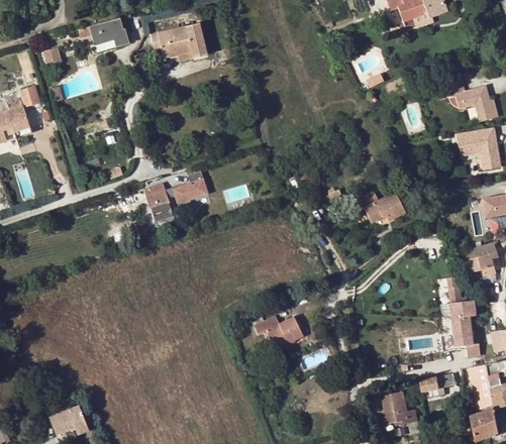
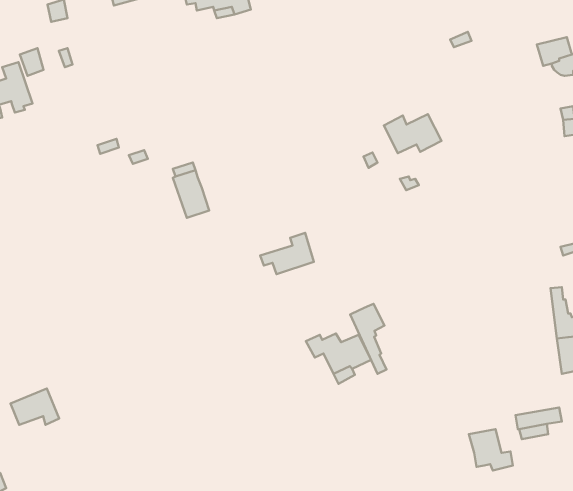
building: [164,172,207,205] -> [260,233,314,274]
building: [360,192,406,223] -> [384,114,442,153]
building: none -> [350,304,387,374]
building: [48,405,88,434] -> [10,388,59,425]

